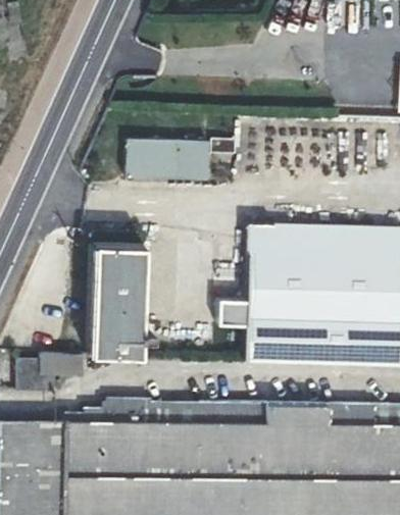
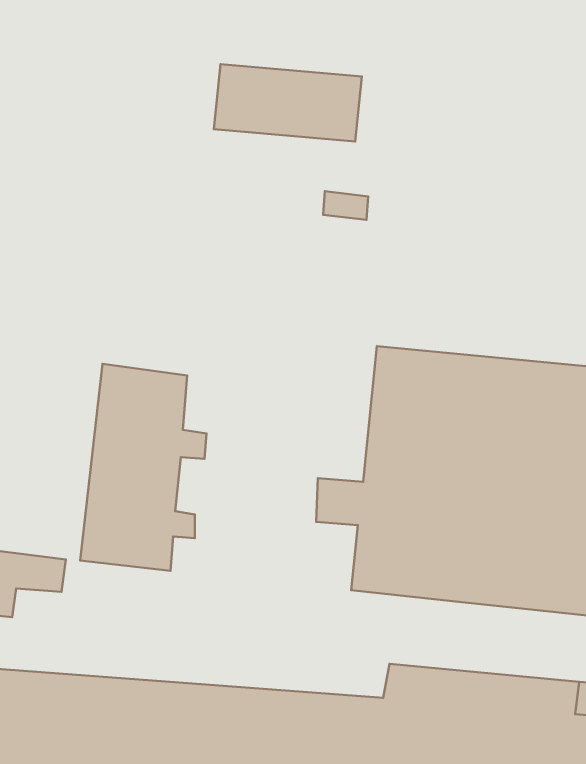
building: [128,141,208,178] -> [214,64,362,141]
building: [85,398,269,420] -> none

